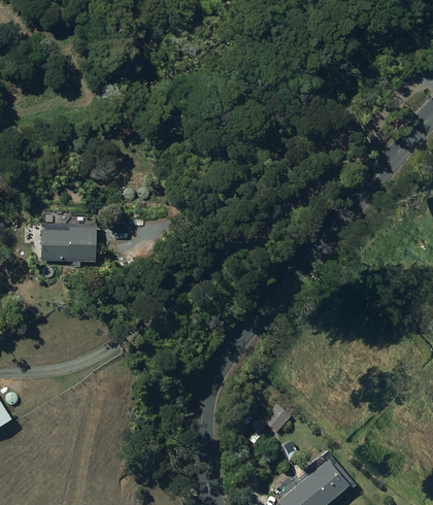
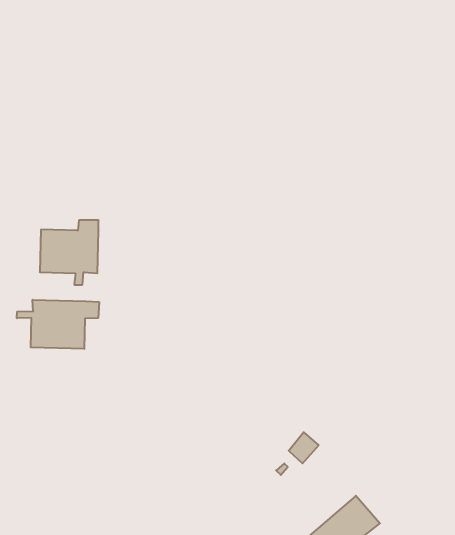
building: none -> [17,300,99,349]

